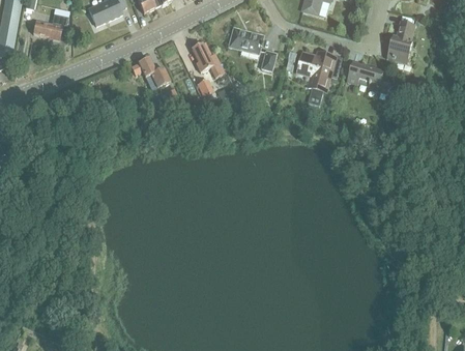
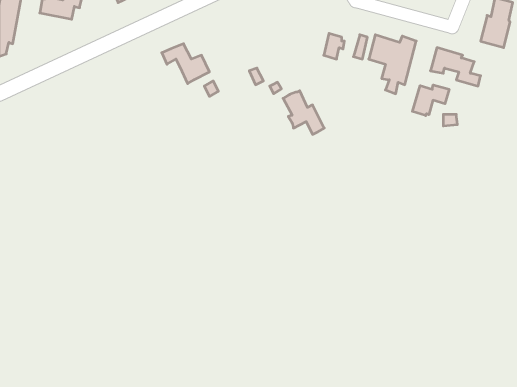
building: [228,27,263,54] -> none
building: [191,41,224,77] -> [283,91,324,134]
building: none -> [412,85,449,116]

